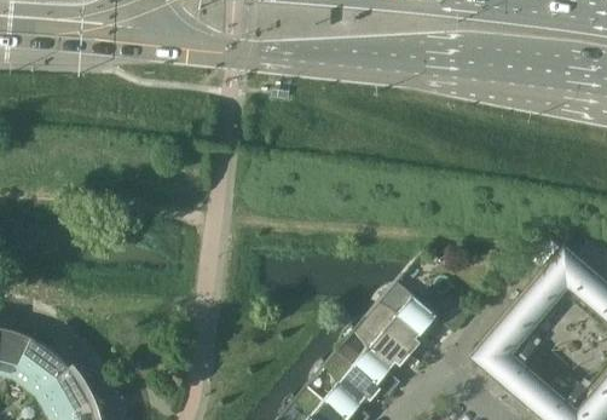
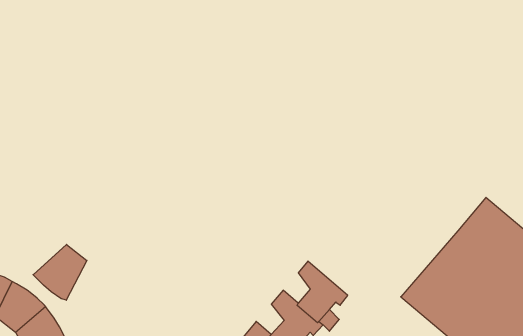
building: [364,280,443,355] -> none
building: none -> [33,244,87,300]

